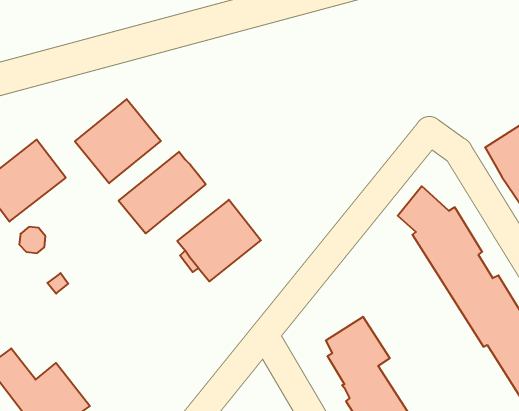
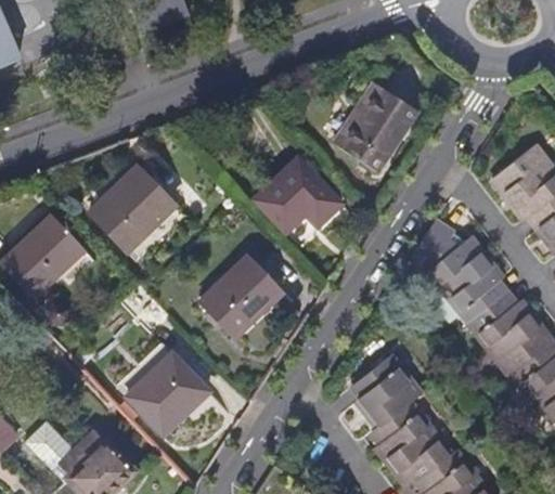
building: none -> [335,81,417,171]
building: none -> [255,157,343,231]
building: [119,152,206,233] -> none
building: none -> [128,352,209,433]

